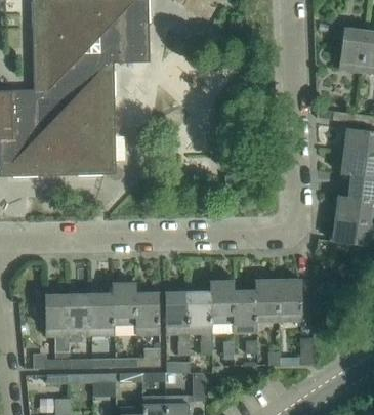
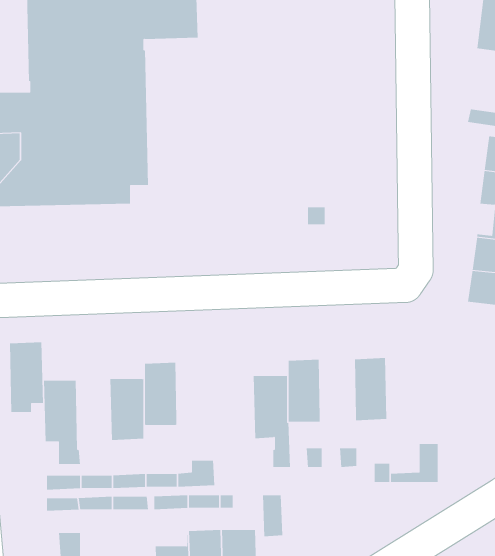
building: [278,279,302,321] -> none
building: [233,280,257,333] -> none
building: [135,282,160,334] -> none
building: [166,291,190,355] -> none
building: [68,293,91,341] -> [9,342,44,413]

